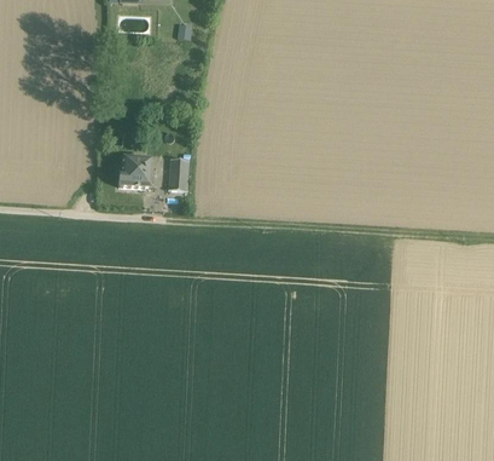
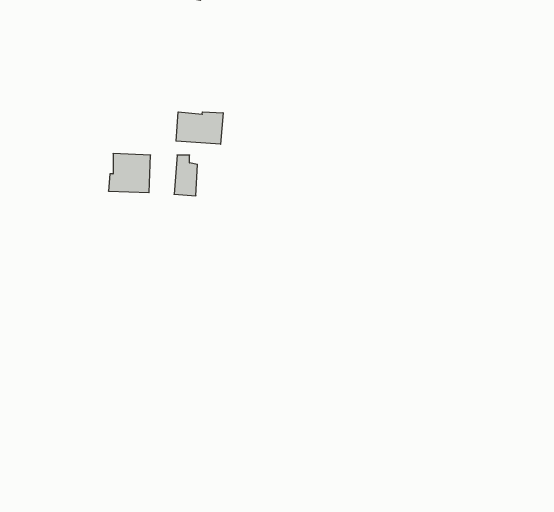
building: none -> [176,112,223,144]

